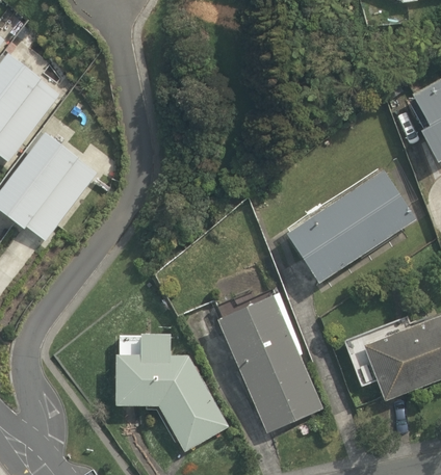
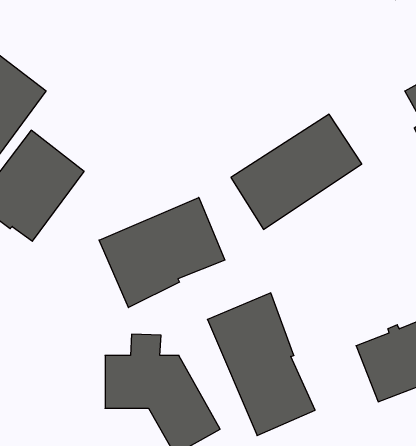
building: [287,169,416,283] -> [231,114,362,229]
building: none -> [99,197,225,308]

